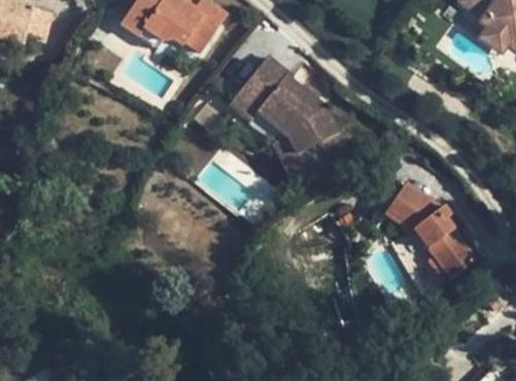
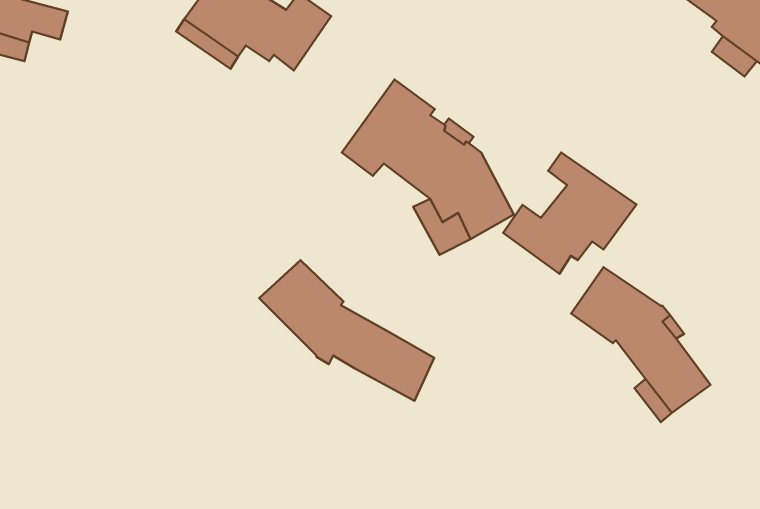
building: none -> [503,152,636,274]
building: none -> [259,260,434,401]

